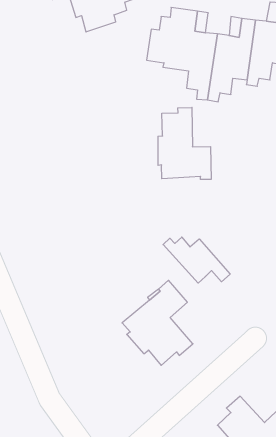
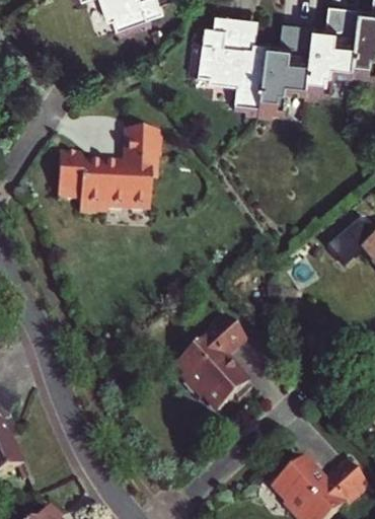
building: [158,107,211,179] -> none
building: none -> [59,133,155,216]
building: [163,237,230,283] -> none

